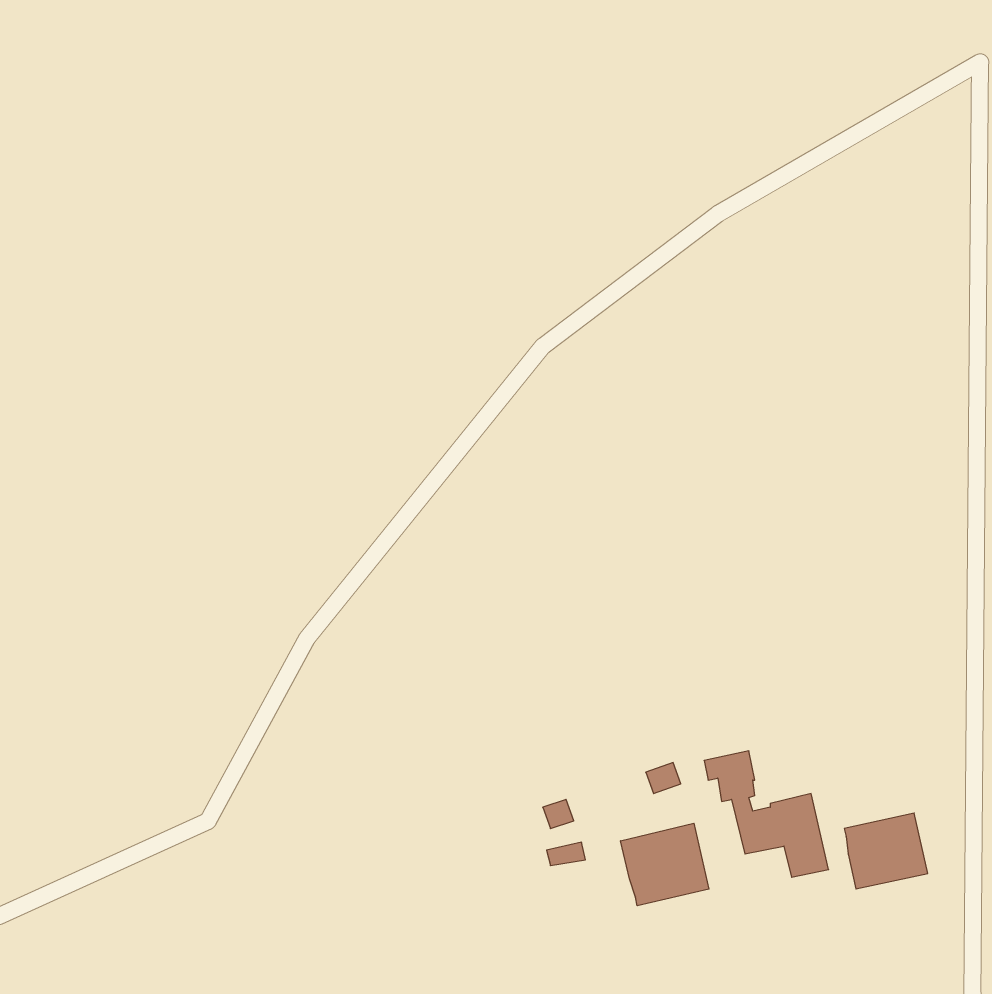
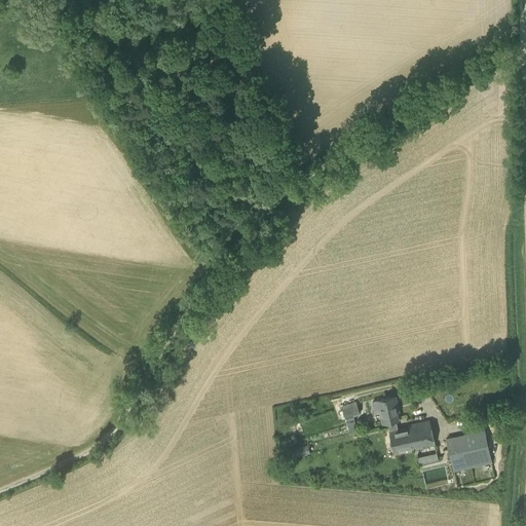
building: [621,823,709,906] -> none

